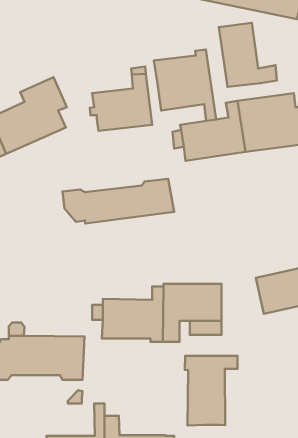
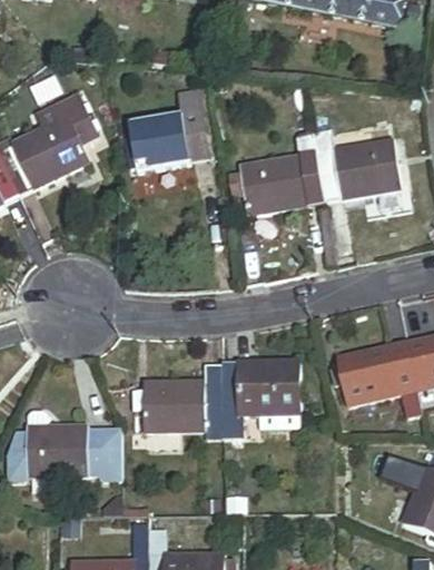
building: [219,23,277,87] -> none
building: [154,50,216,121] -> none
building: [63,179,174,223] -> none
building: [185,356,238,425] -> none

